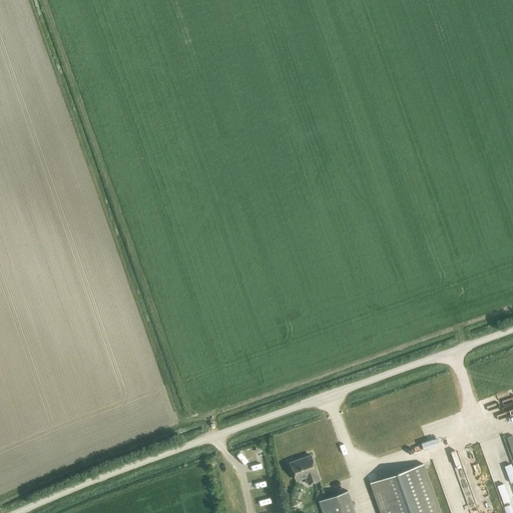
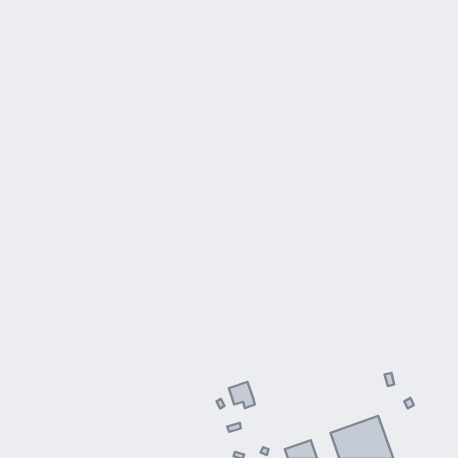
building: [289,456,318,485] -> [229,382,255,408]

